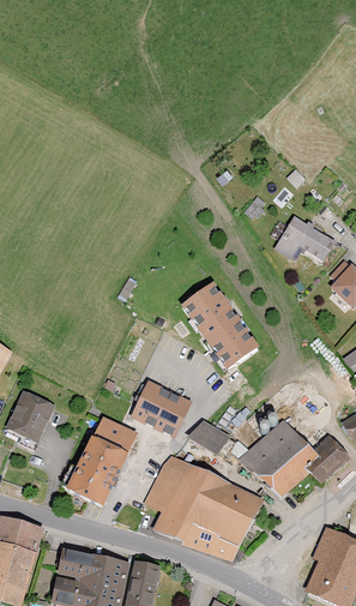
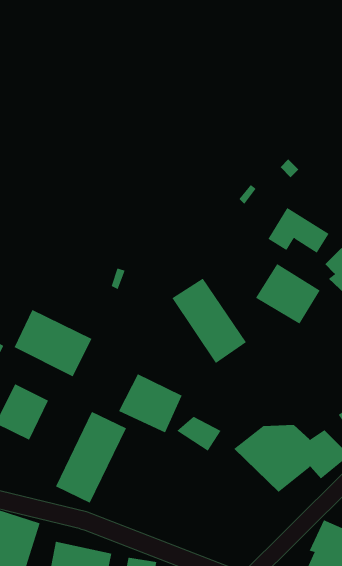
building: none -> [255,263,320,325]
building: none -> [14,309,92,377]
building: [139,452,268,562] -> none

